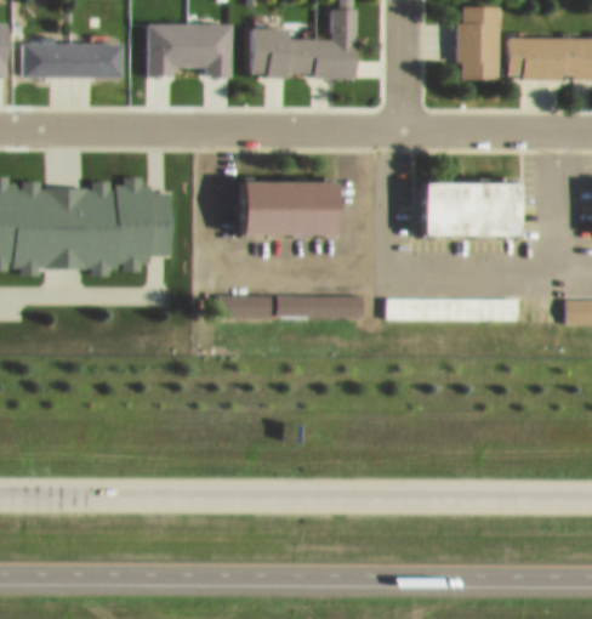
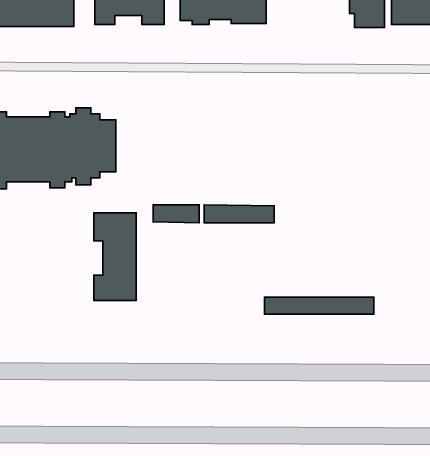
building: [238,183,334,233] -> none
building: [421,184,516,235] -> none
building: [388,300,520,320] -> [265,297,374,314]
building: none -> [94,213,136,300]

